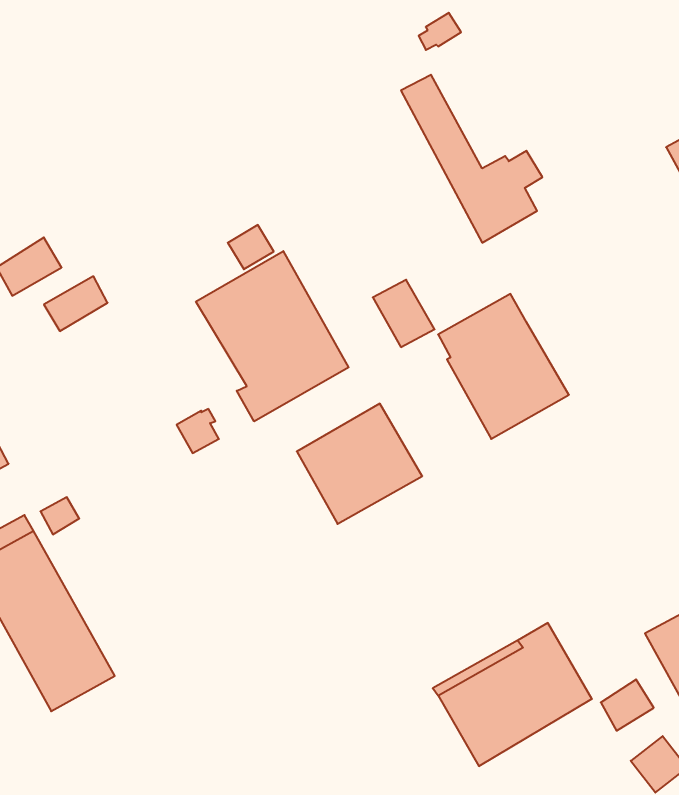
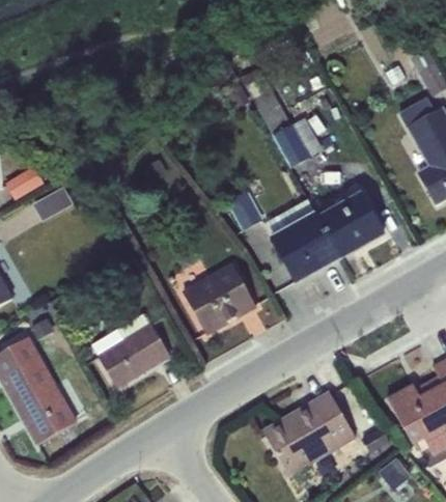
building: [196,251,349,421] -> none
building: none -> [317,191,385,257]
building: none -> [91,312,170,387]

